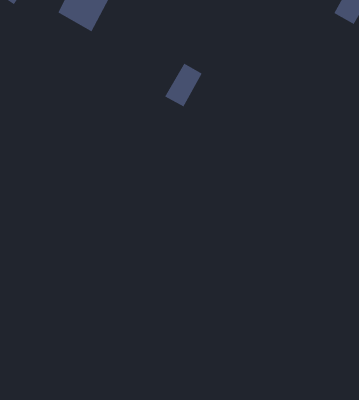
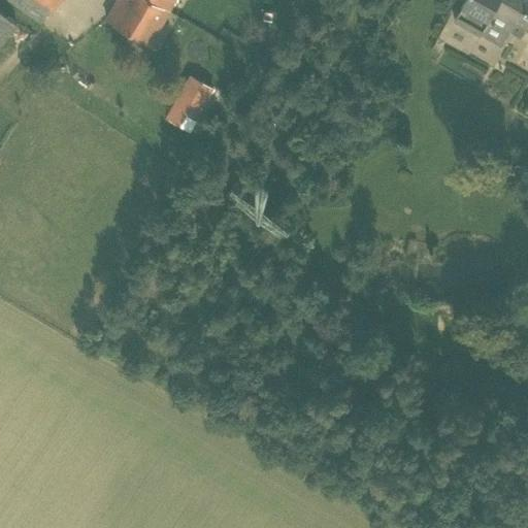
building: [164,63,203,107] -> [164,73,212,129]

